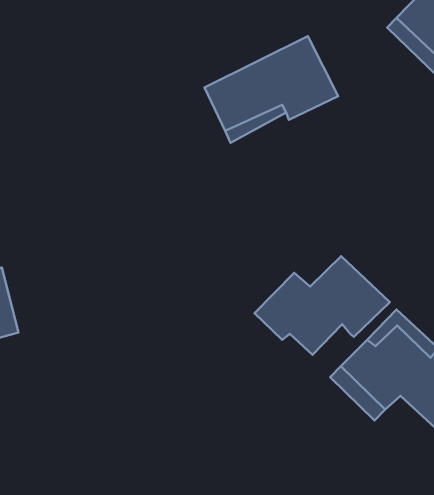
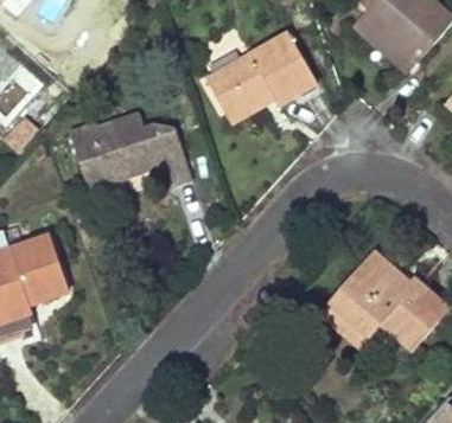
building: none -> [71,116,191,188]
building: [254,256,390,355] -> none

